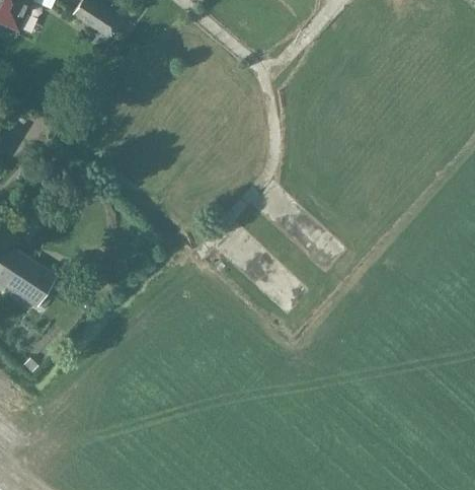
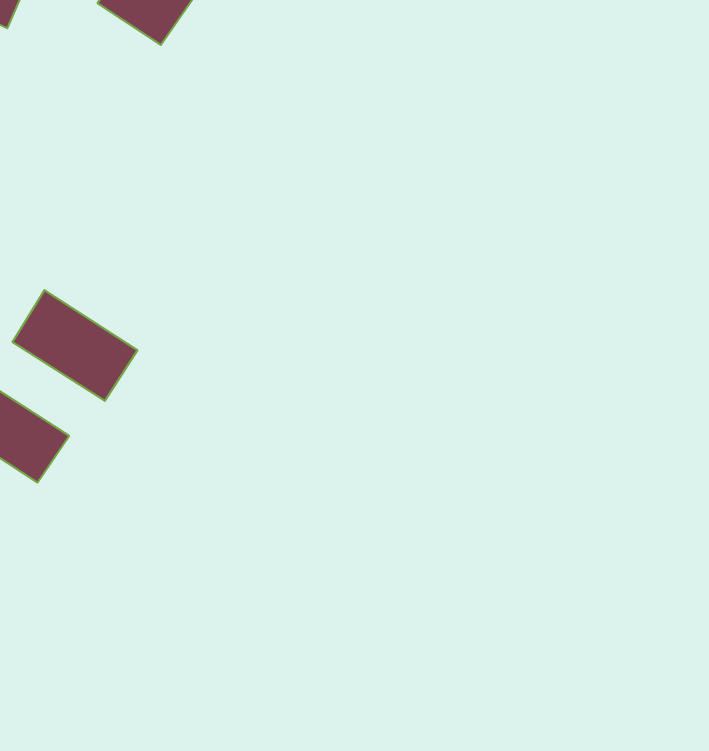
building: none -> [13,290,137,401]

